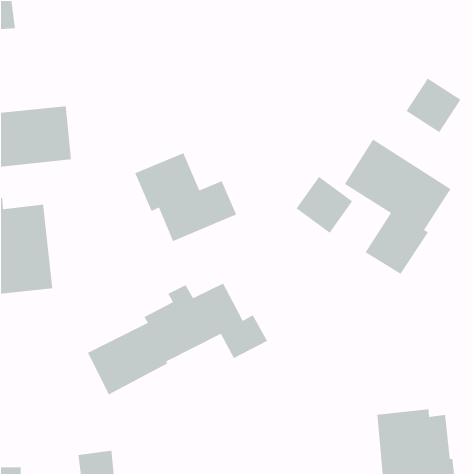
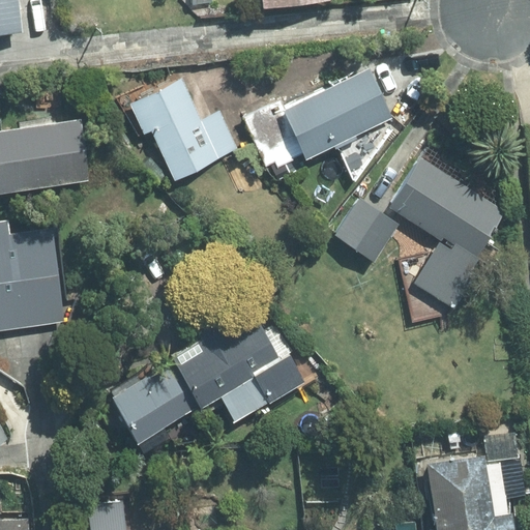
building: none -> [251,69,392,174]
building: [405,77,462,133] -> none
building: [134,152,237,242] -> [128,82,242,181]

